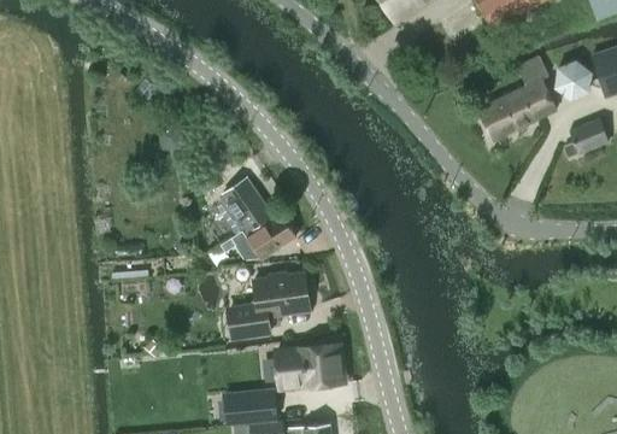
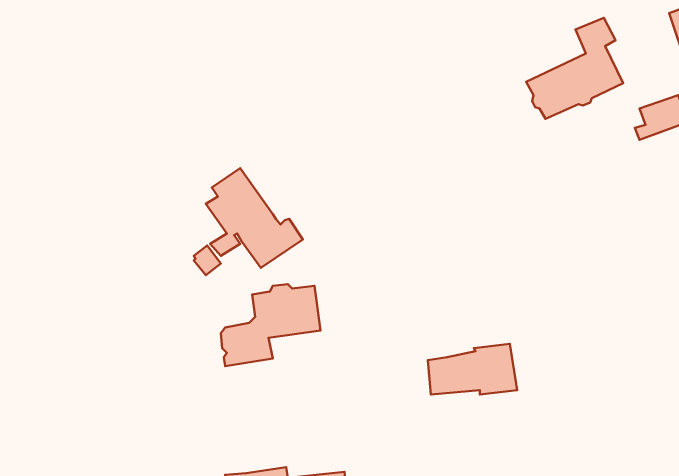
building: [553,59,593,101] -> none
building: [264,346,336,387] -> [428,344,517,394]
building: [224,392,277,422] -> none

